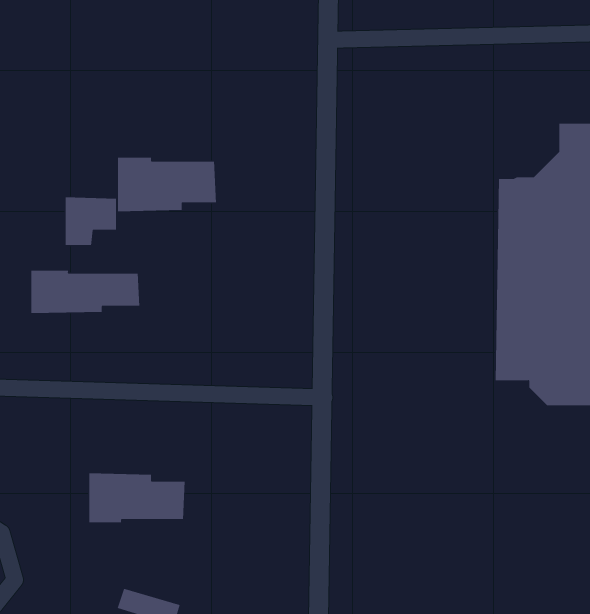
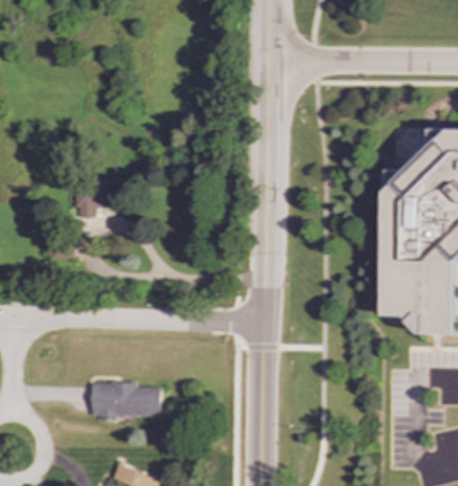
building: [117,157,216,212] -> none
building: [31,270,140,314] -> none

